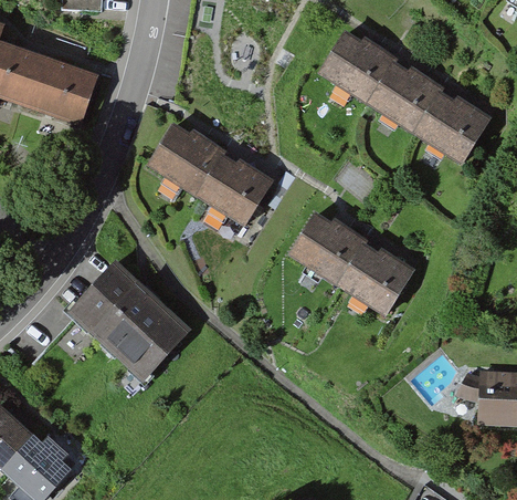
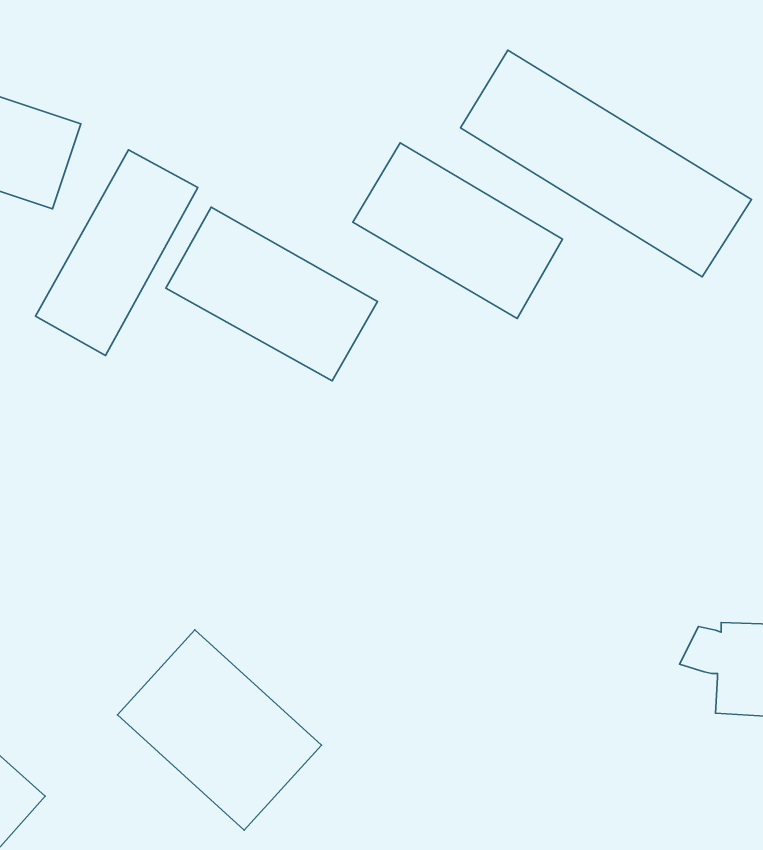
building: none -> [35,150,198,355]
building: [291,211,413,314] -> [353,143,562,319]
building: [65,260,184,377] -> [118,630,322,830]

